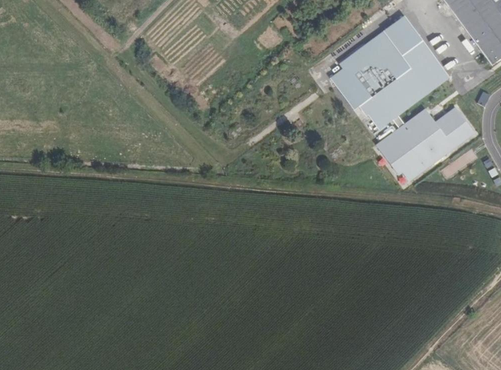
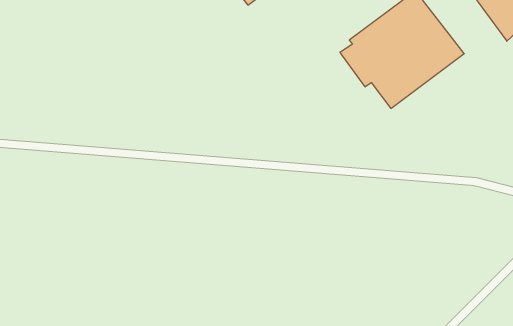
building: [376,105,476,180] -> none

